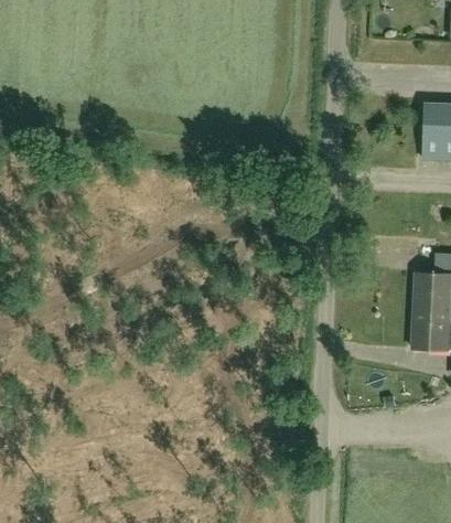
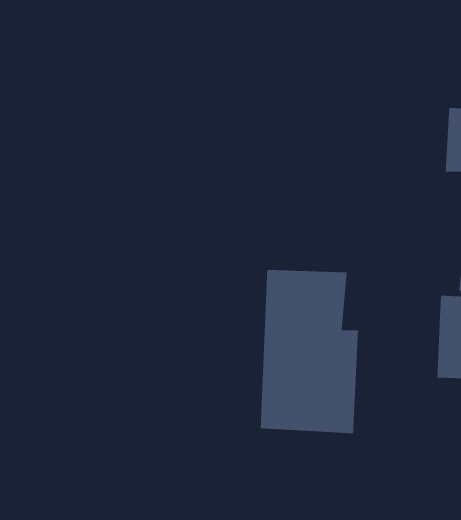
building: none -> [260,269,359,434]

